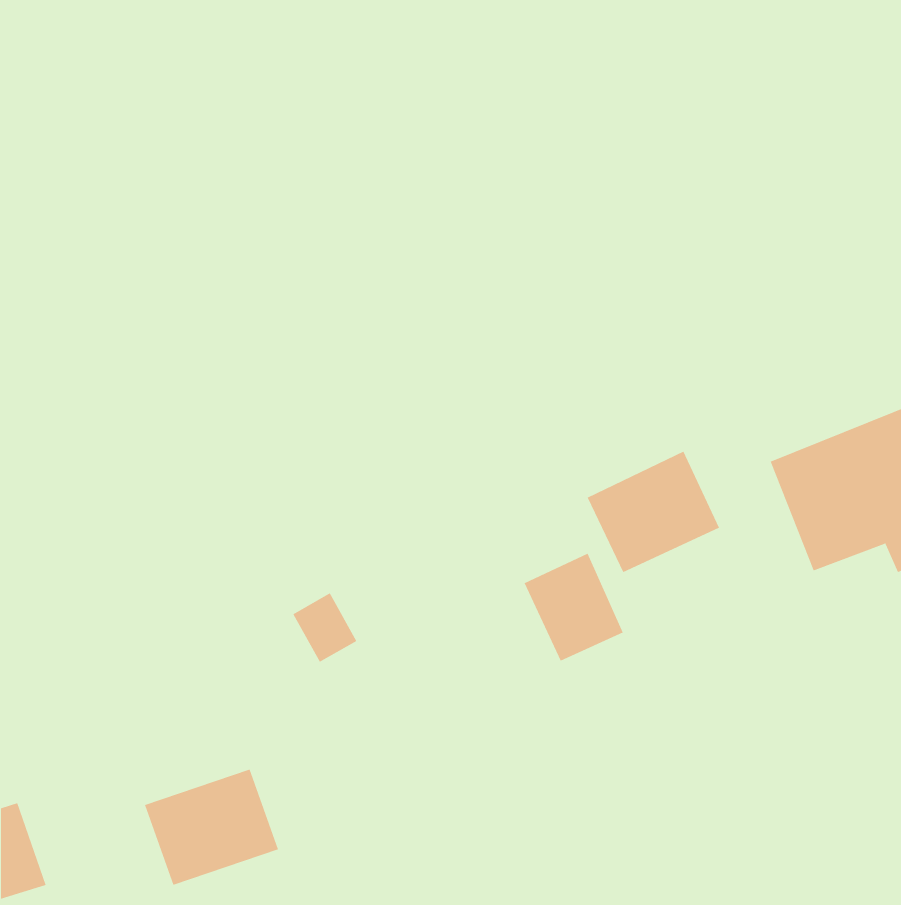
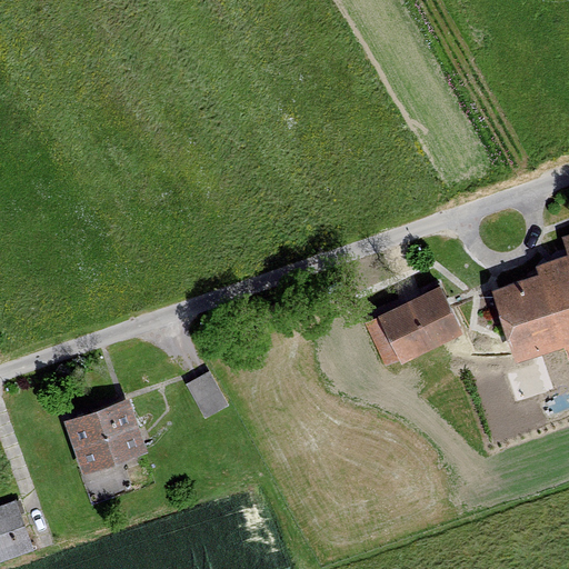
building: [524,553,623,661] -> none
building: [144,769,279,886] -> [63,400,147,472]

